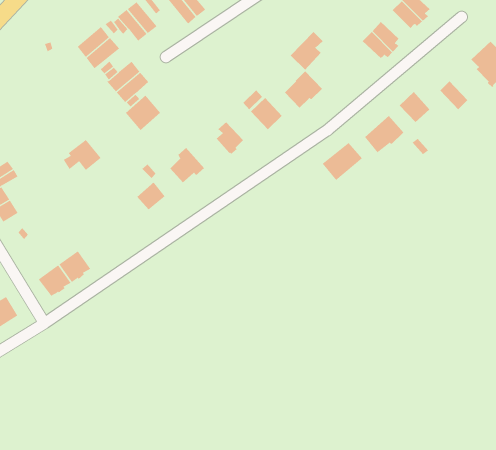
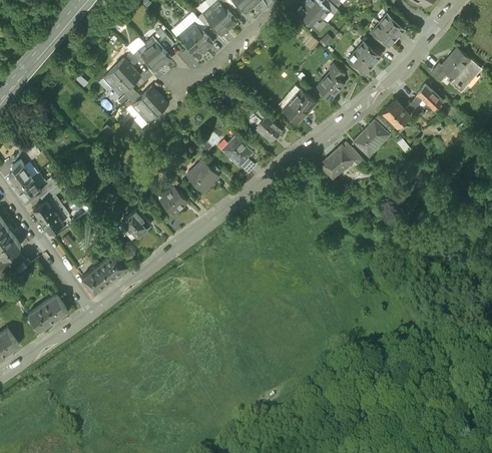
building: [290,31,323,70] -> [317,63,345,97]
building: [125,95,161,131] -> none
building: [63,139,101,171] -> [116,210,149,238]

